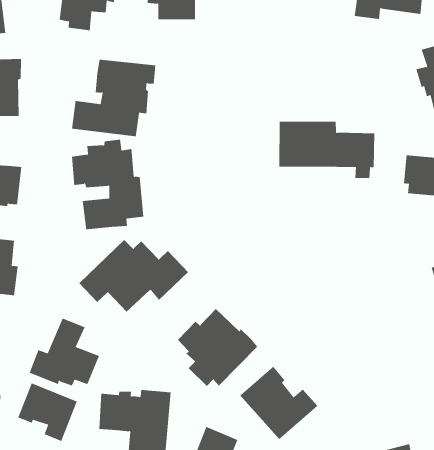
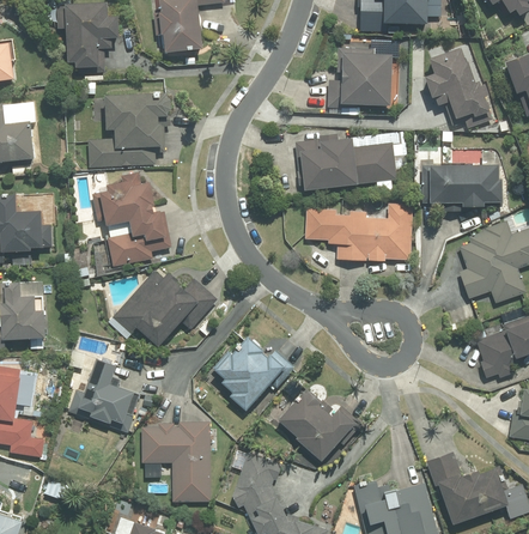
building: none -> [326,48,393,110]
building: none -> [303,204,412,262]
building: [17,382,78,442] -> none

